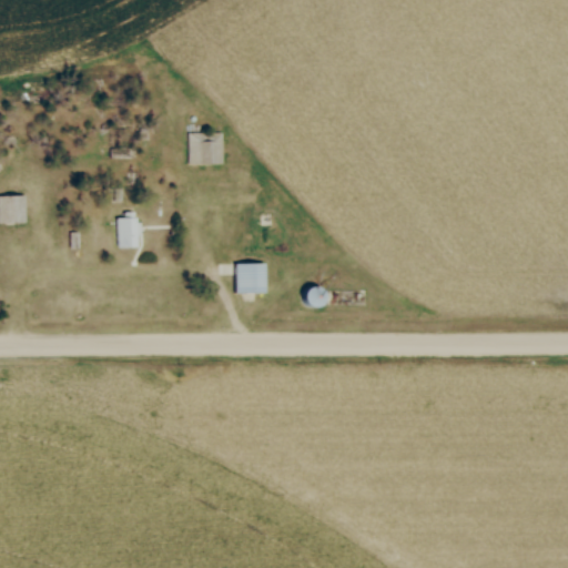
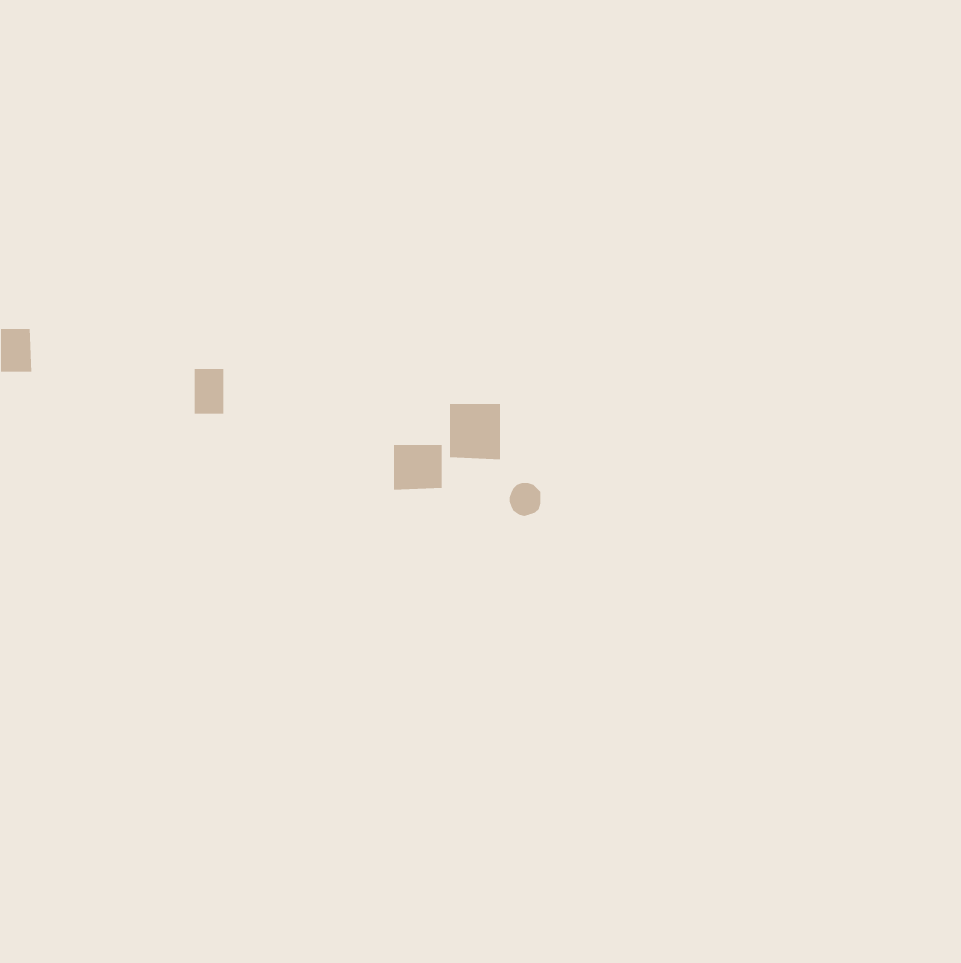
building: [192,134,224,163] -> none
building: none -> [449,403,500,460]

